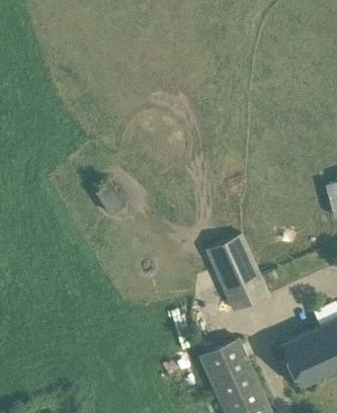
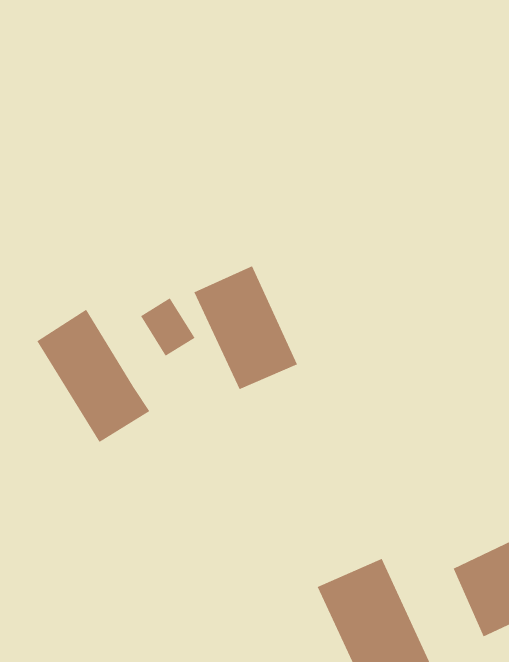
building: none -> [36,309,150,443]
building: [206,236,269,311] -> [194,265,298,390]

